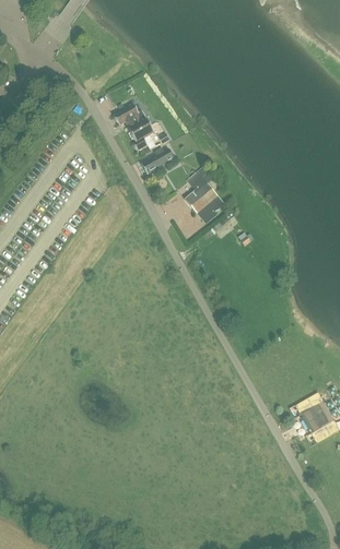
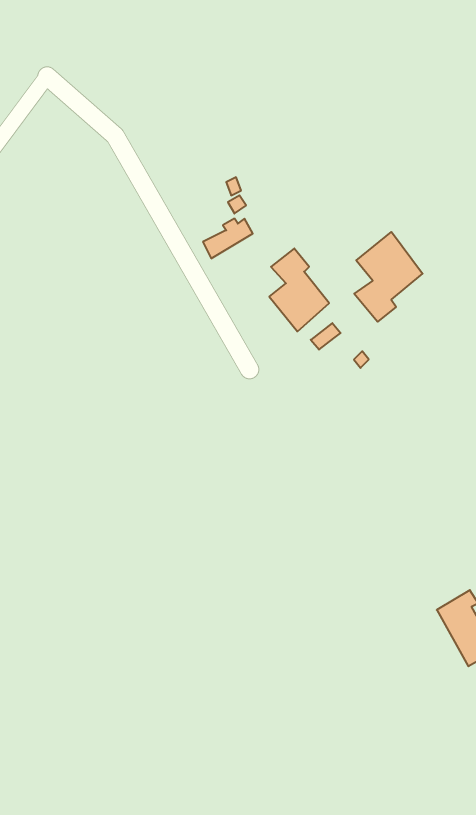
building: [114,103,154,151] -> none
building: none -> [354,232,423,322]

